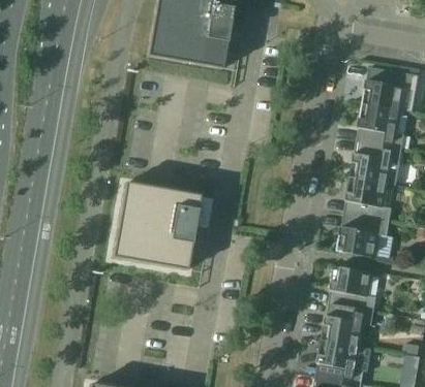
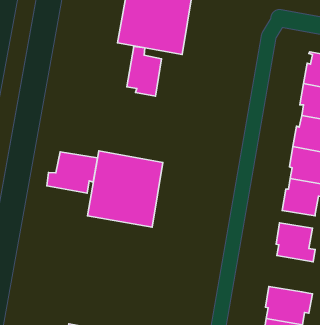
building: none -> [127,46,162,96]
building: none -> [47,152,98,193]
building: [324,302,375,345] -> none

